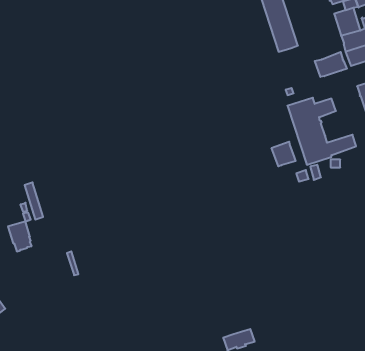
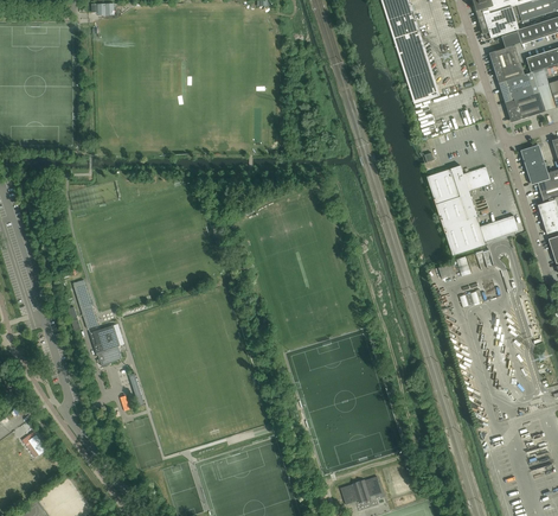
building: [315,52,347,77] -> none
building: [272,142,296,166] -> none
building: [8,221,32,251] -> [90,325,122,365]

